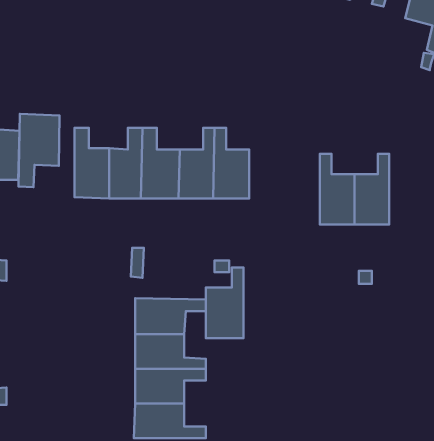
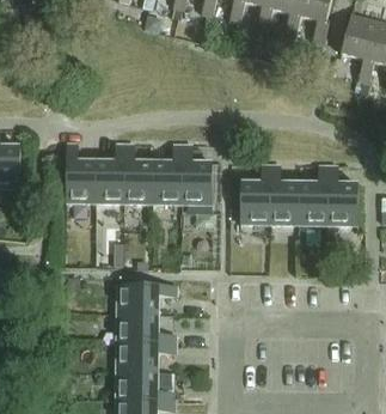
building: [18,114,59,187] -> none
building: none -> [326,166,356,225]
building: [206,267,243,338] -> [238,166,269,225]

